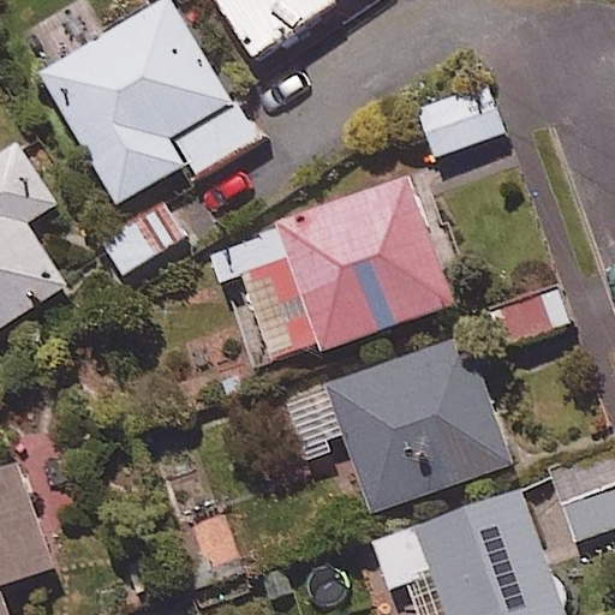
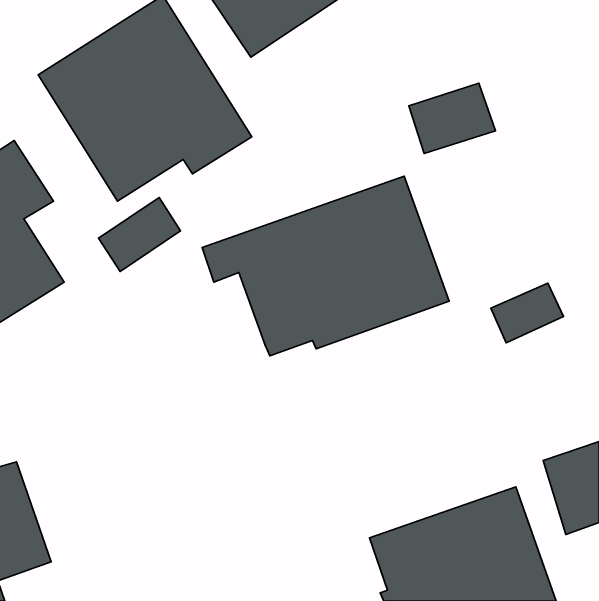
building: [286,336,513,514] -> none

